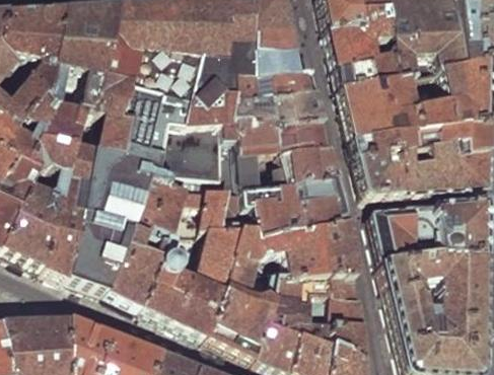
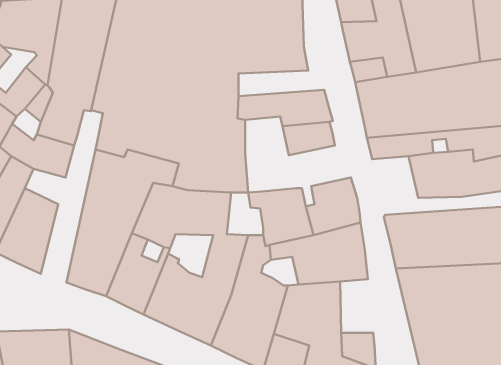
building: [231,73,312,97] -> none
building: [237,117,278,189] -> none
building: [44,135,97,275] -> none
building: [279,144,338,184] -> none
building: [358,154,402,195] -> none
building: [328,271,359,321] -> none

